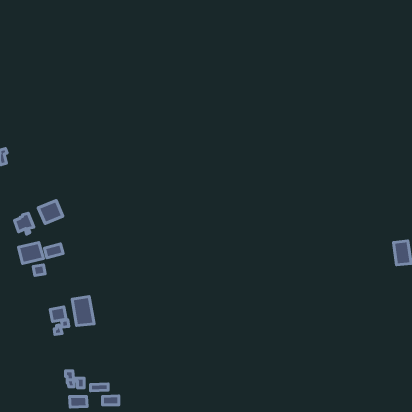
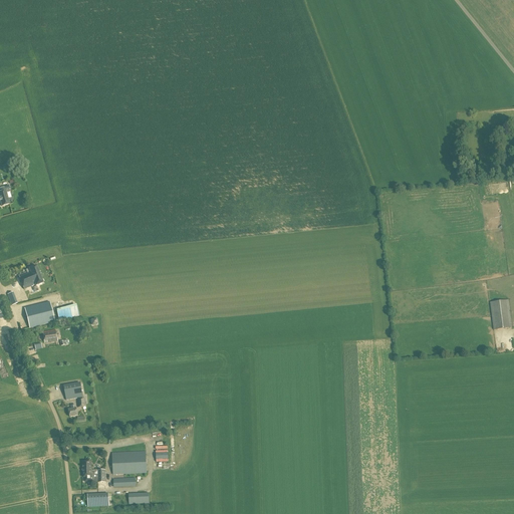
building: [38,201,63,223] -> none
building: [72,296,94,326] -> none
building: none -> [111,451,146,474]

